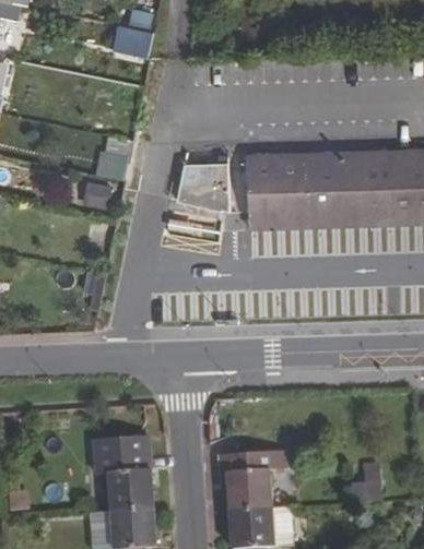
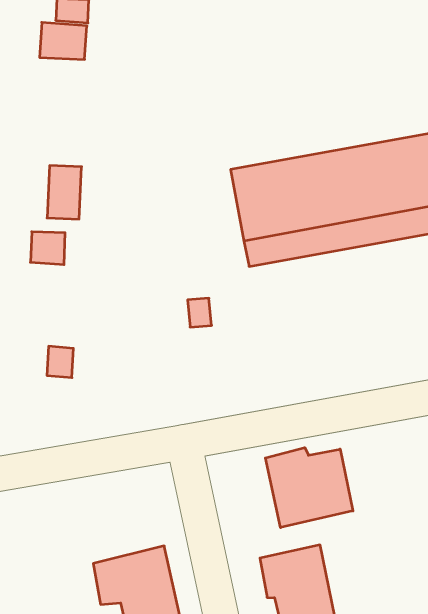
building: [176,157,228,211] -> none
building: none -> [265,448,353,528]

